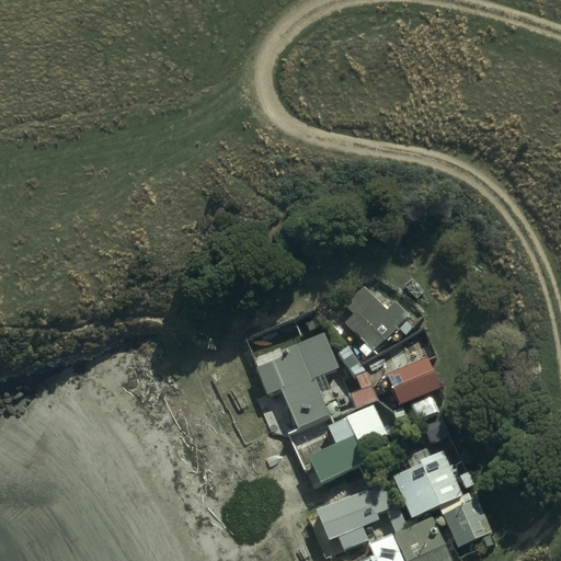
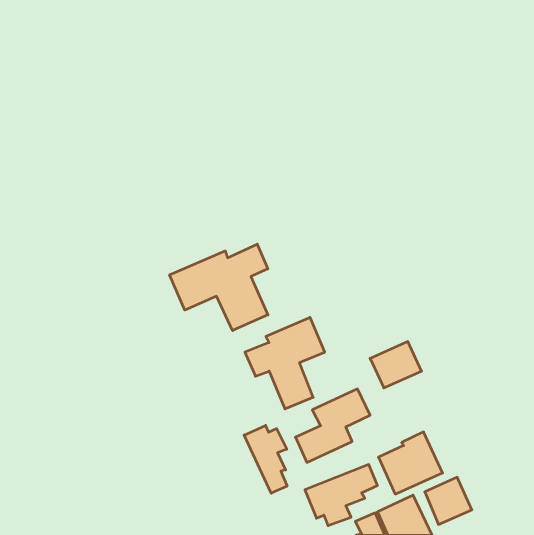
building: none -> [170,244,268,331]
building: [344,285,407,350] -> none
building: none -> [244,425,287,493]

